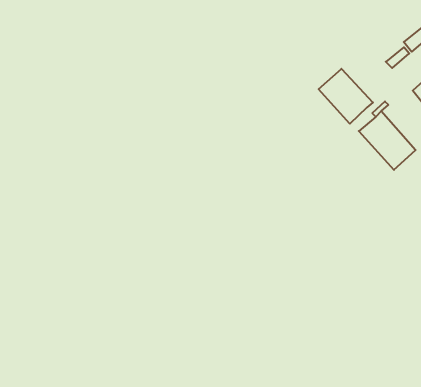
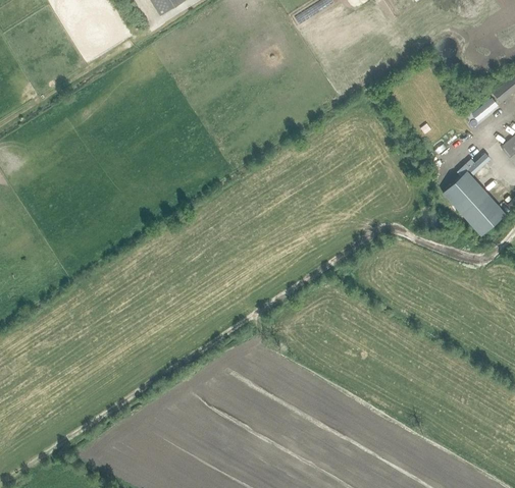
building: [319,69,373,124] -> none

